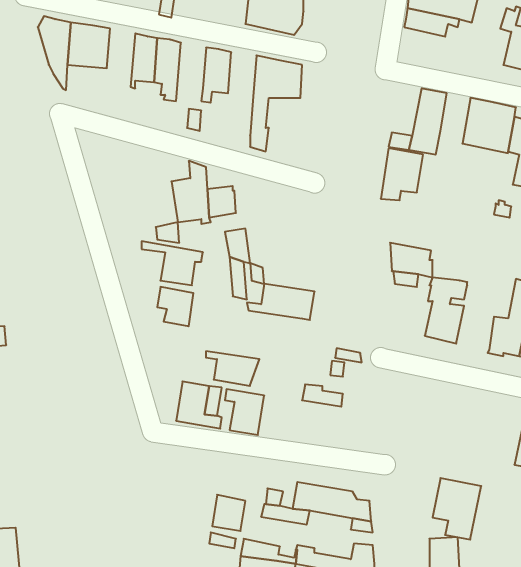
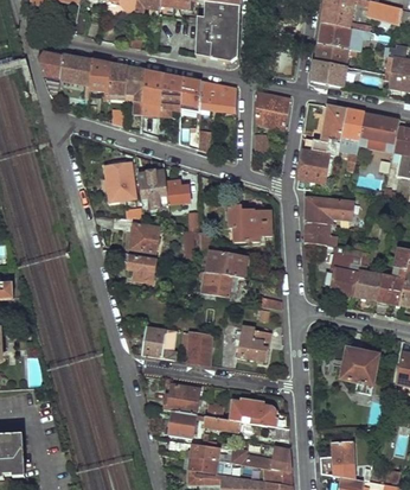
building: none -> [309,57,344,84]
building: none -> [89,58,110,102]
building: none -> [141,69,164,116]
building: none -> [180,76,201,109]
building: none -> [255,90,289,128]
building: none -> [340,107,363,172]
building: none -> [104,158,135,198]
building: none -> [302,195,350,225]
building: none -> [226,206,271,241]
building: none -> [352,252,380,300]
building: [206,351,259,386] -> [196,271,236,297]
building: none -> [232,338,265,361]
building: none -> [162,382,198,414]
building: [433,478,481,540] -> [340,348,377,394]

